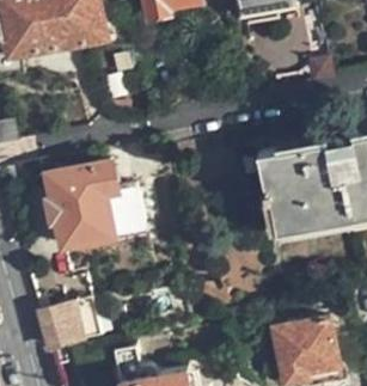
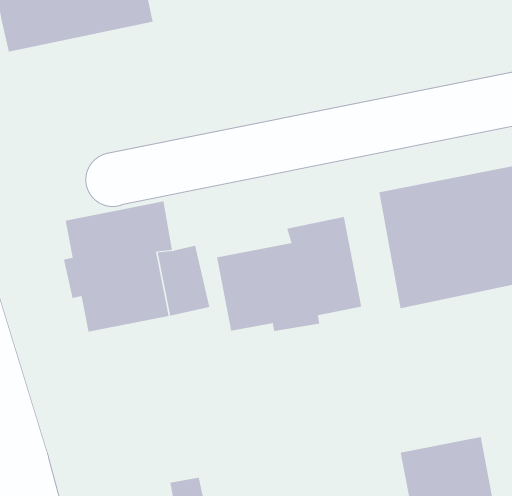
building: none -> [216,216,362,332]
building: [39,299,100,349] -> none

